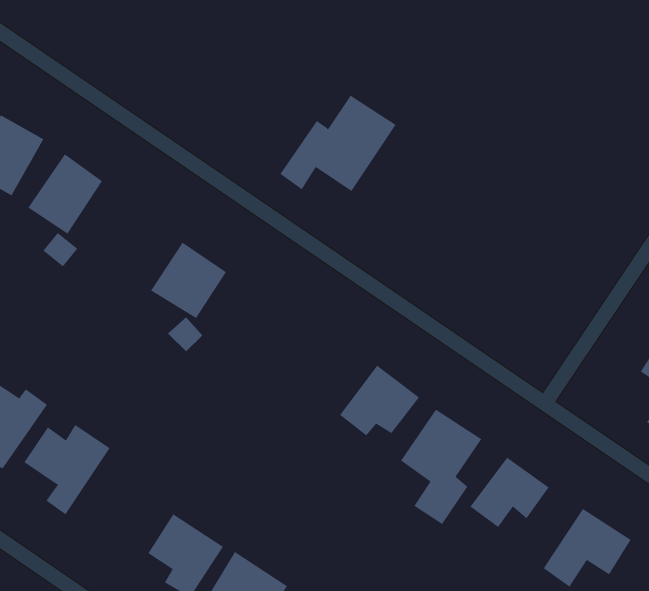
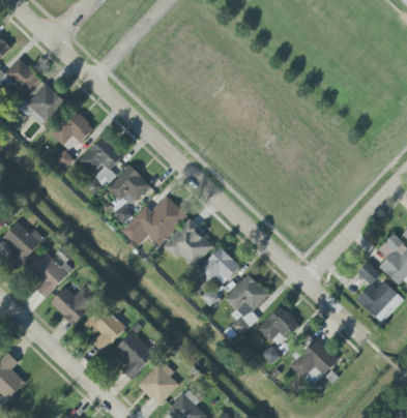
building: [280,95,397,192] -> [122,196,187,246]
building: none -> [79,136,123,186]
building: none -> [164,219,213,267]
building: none -> [51,286,98,325]

